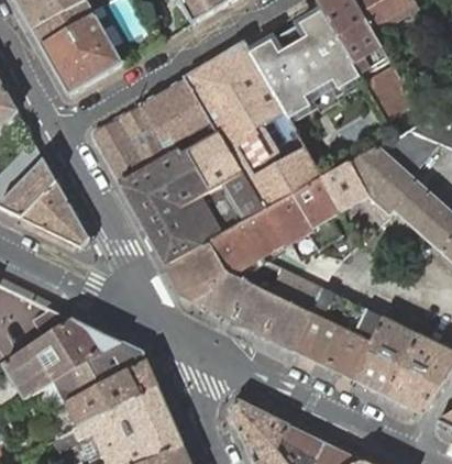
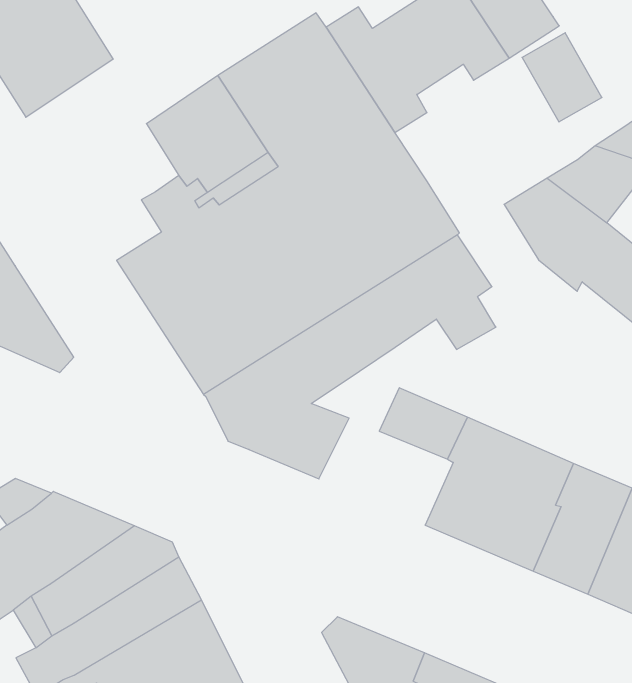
building: [92,102,158,183] -> none
building: [322,162,370,210] -> none
building: [232,284,312,350] -> none

